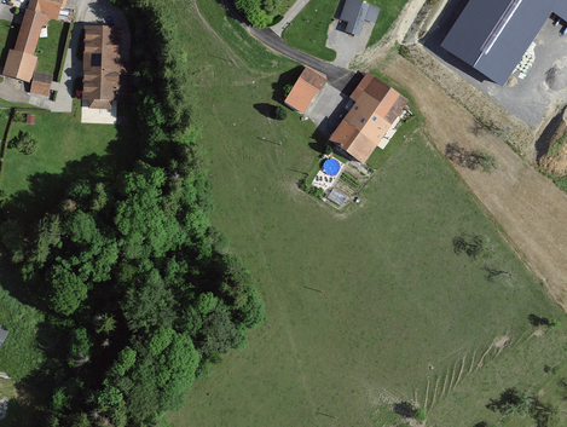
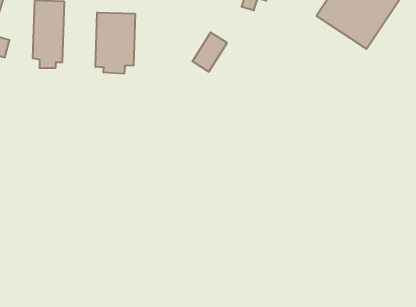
building: none -> [95,12,135,74]
building: [329,69,409,162] -> none

